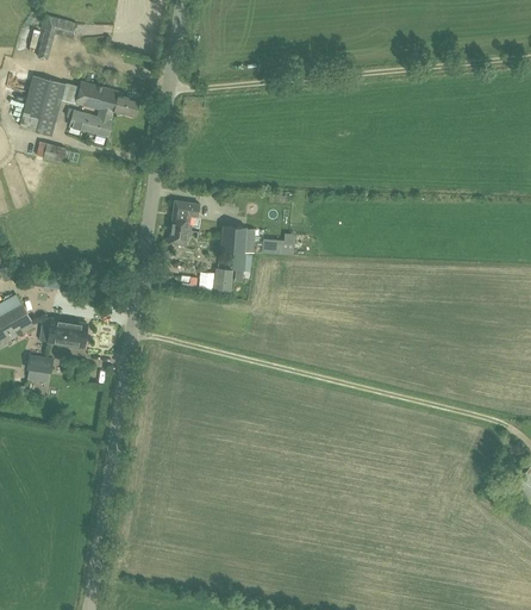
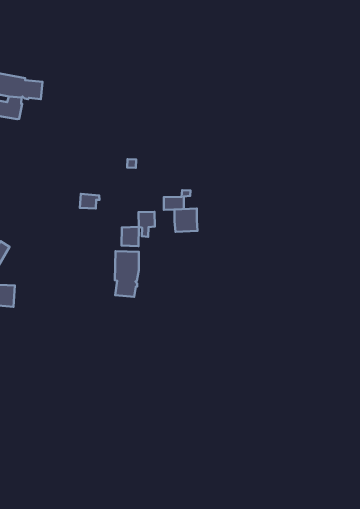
building: [170,199,200,230] -> none
building: [220,225,246,251] -> [175,209,198,232]
building: none -> [115,251,139,297]

